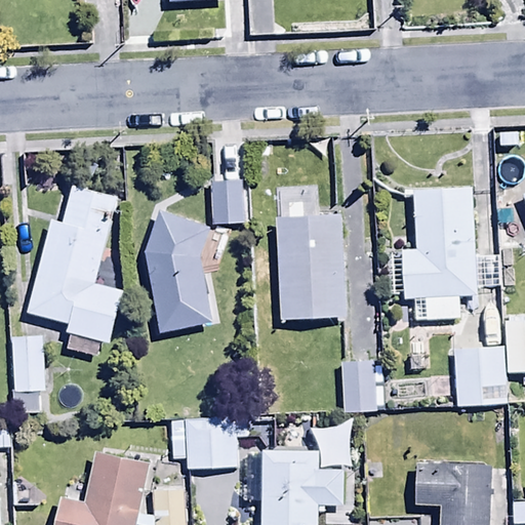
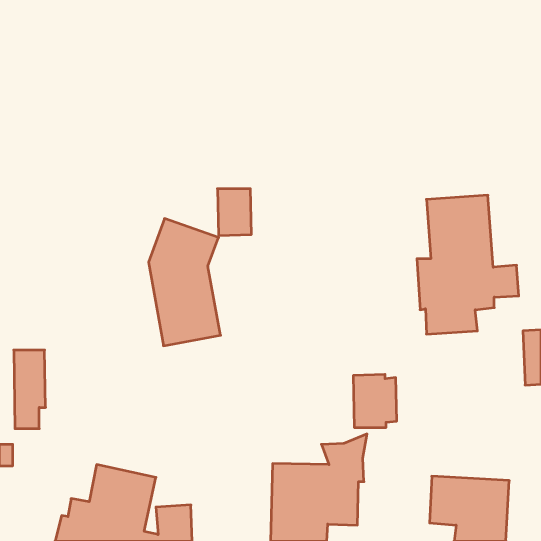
building: [27,186,122,358] -> none
building: [276,213,347,320] -> none
building: [451,348,507,408] -> none
building: [169,409,245,470] -> none

